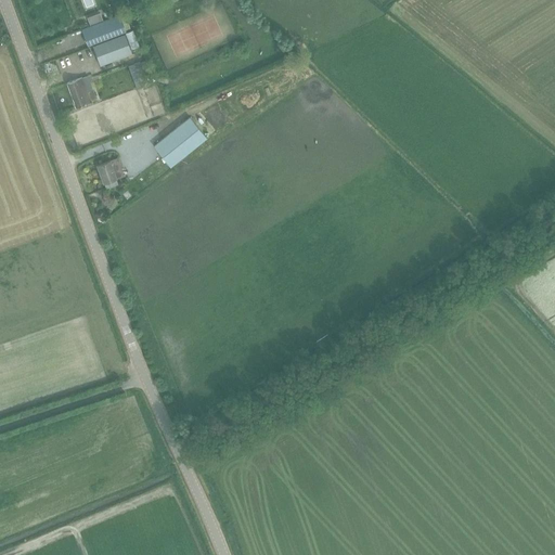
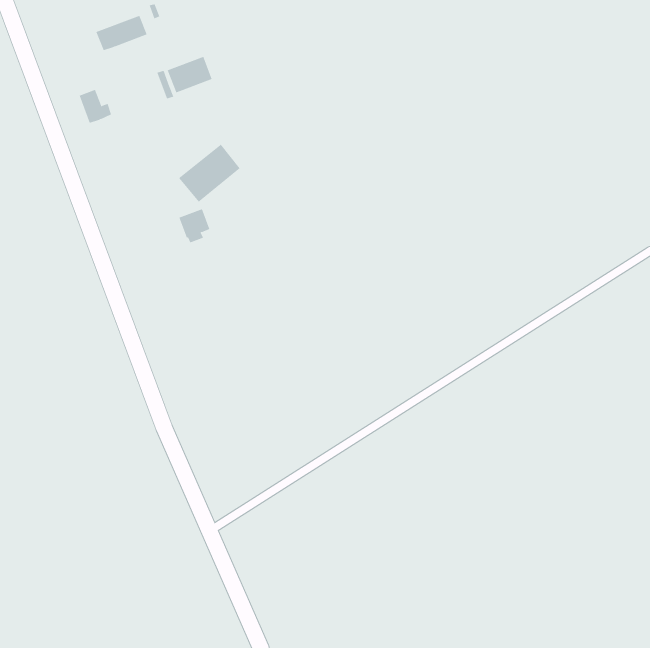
building: [92,31,131,63] -> [167,56,213,93]
building: [96,156,124,185] -> [178,209,210,243]

